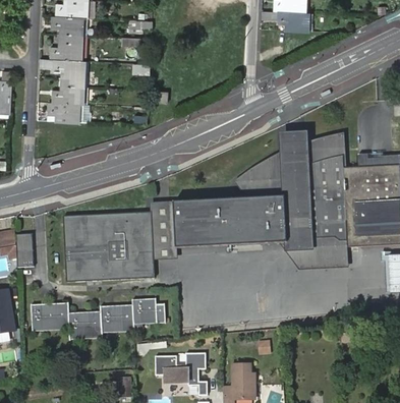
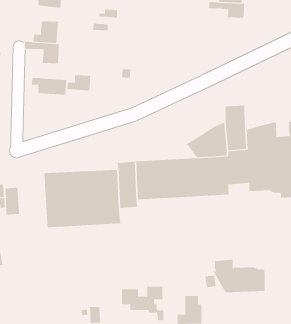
building: [51,14,81,34] -> none
building: [51,83,80,103] -> [67,75,91,91]
building: [305,134,343,164] -> none
building: [284,228,348,269] -> [212,259,266,293]
building: [31,299,165,340] -> none

